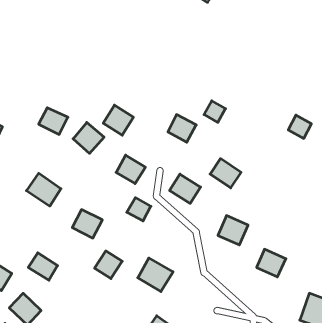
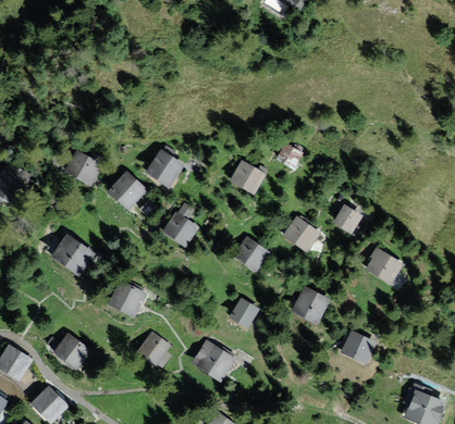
building: [288,115,311,138] -> [334,203,364,233]
building: none -> [367,248,404,283]
building: [127,198,151,221] -> [231,299,261,328]

